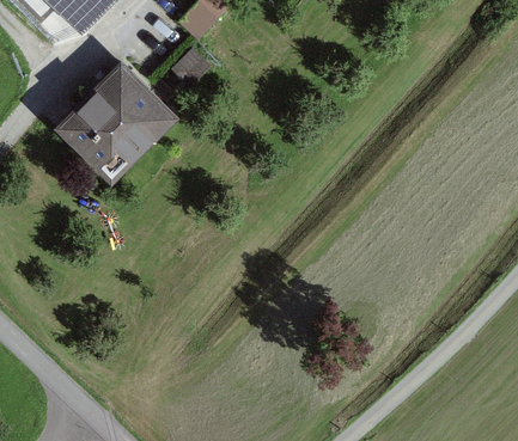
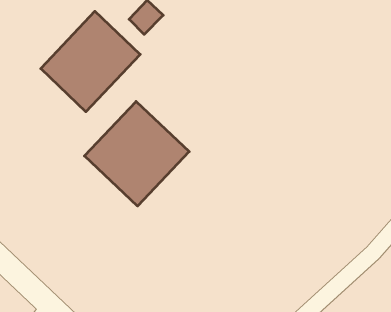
building: none -> [84,101,189,206]

